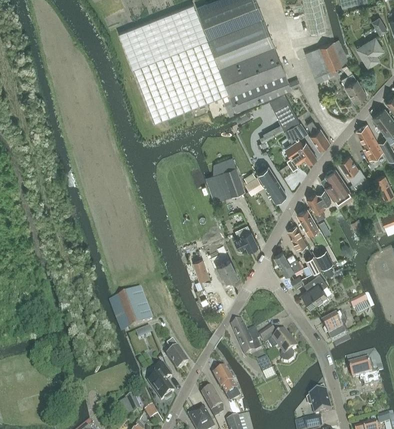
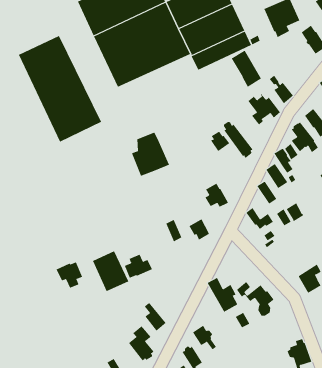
building: none -> [18,35,102,143]
building: [207,158,245,202] -> [131,132,170,177]
building: [302,274,327,307] -> none
building: none -> [124,254,153,278]
building: none -> [56,261,83,288]

